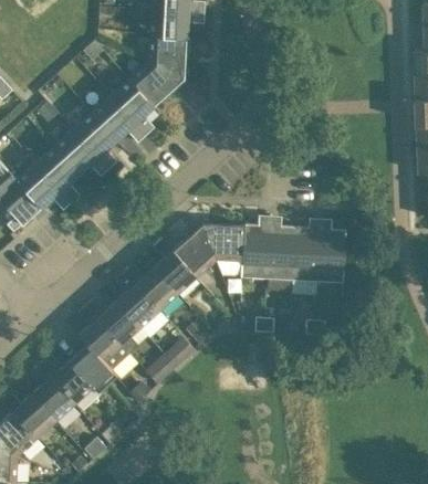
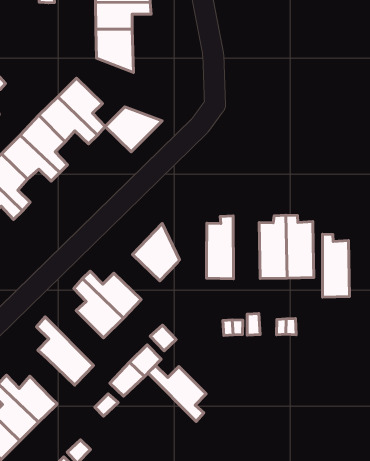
building: [129,63,184,106] -> [105,107,162,152]
building: [267,220,294,281] -> [322,234,349,297]
building: [202,223,244,277] -> none
building: [152,238,197,294] -> none
building: [86,298,140,354] -> [148,365,206,421]
building: [69,345,116,396] -> none

